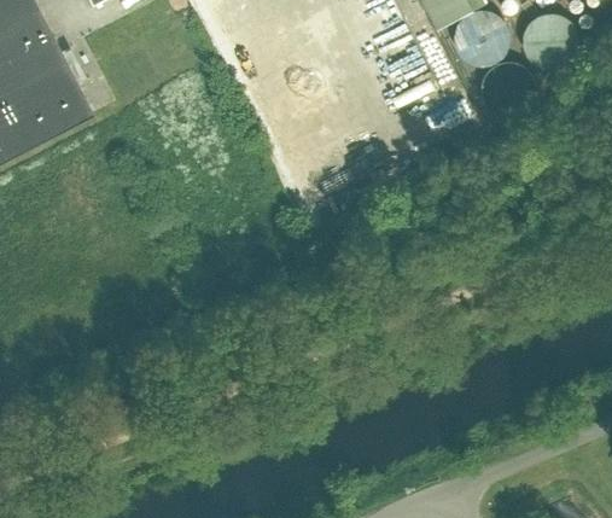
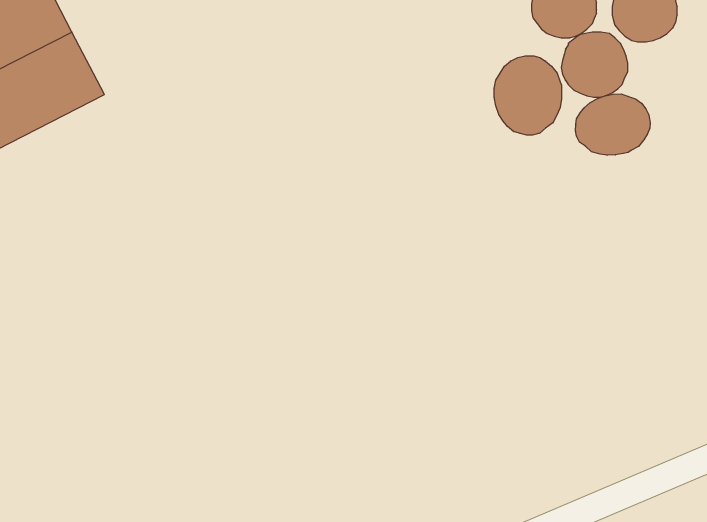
building: none -> [494,56,562,135]
building: none -> [576,94,650,155]

